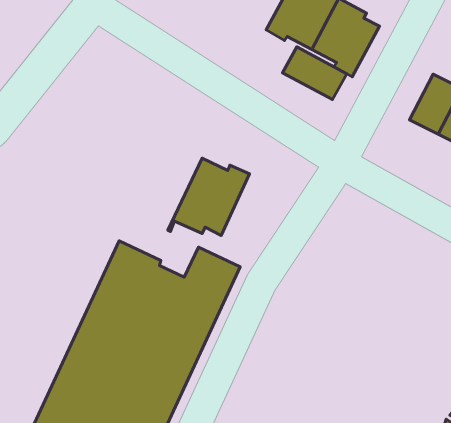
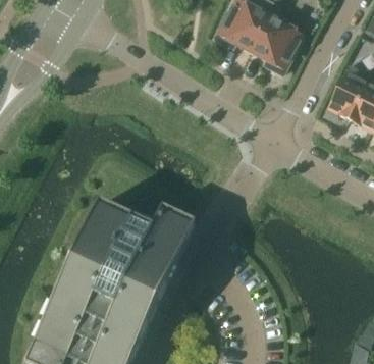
building: [282,47,347,100] -> none
building: [168,158,250,235] -> none

